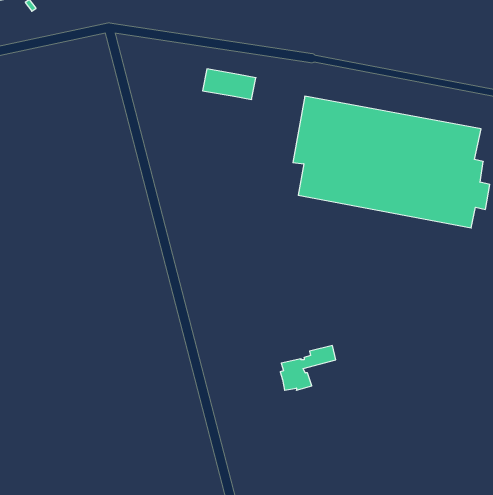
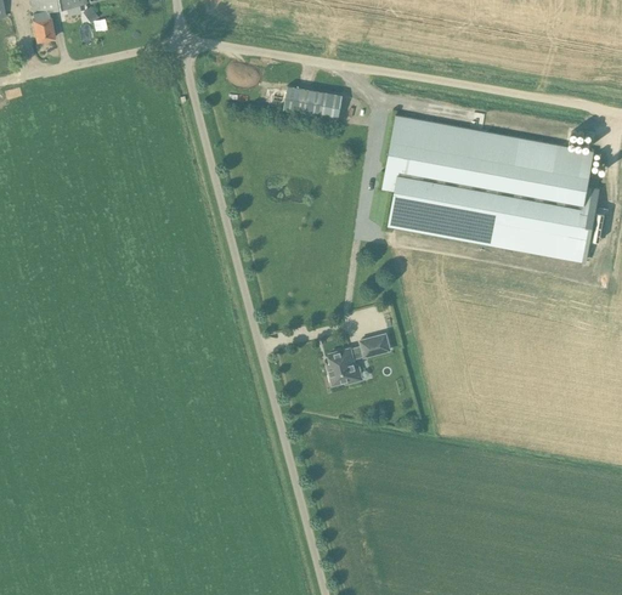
building: [280,346,336,390] -> [327,334,389,384]

